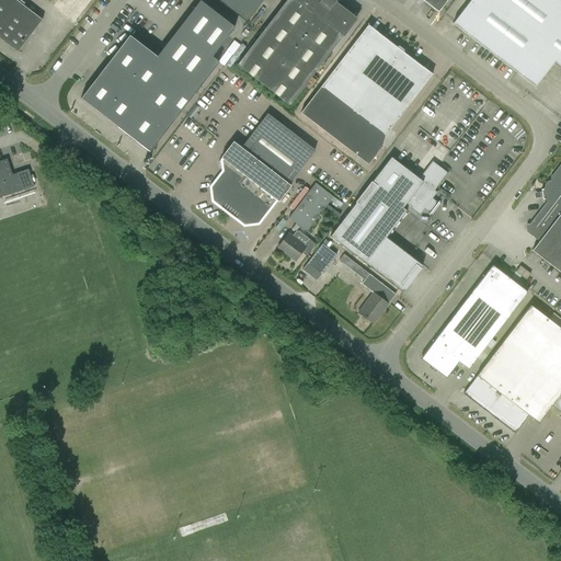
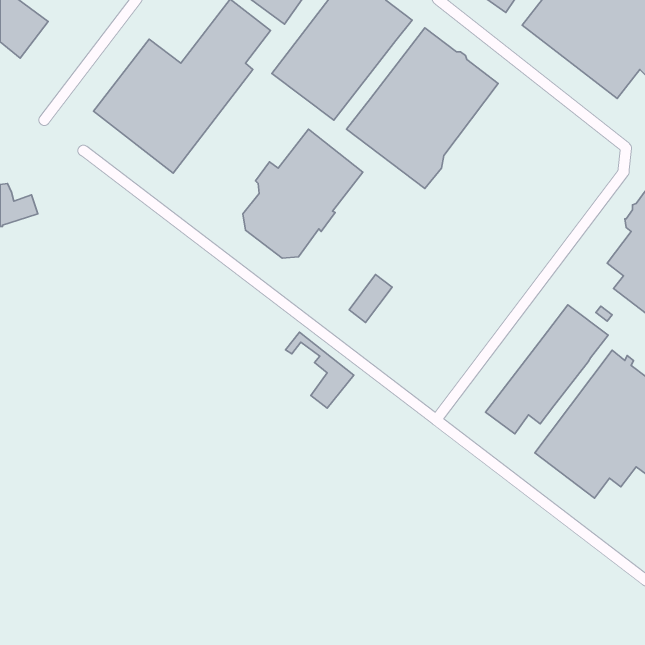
building: [331,156,449,290] -> none
building: [289,182,334,230] -> none
building: [278,230,317,259] -> none
building: [337,256,397,322] -> [286,332,354,408]

